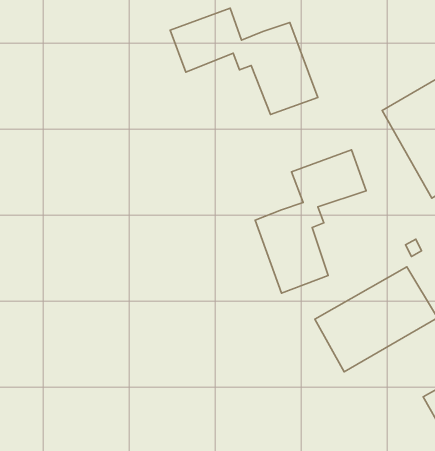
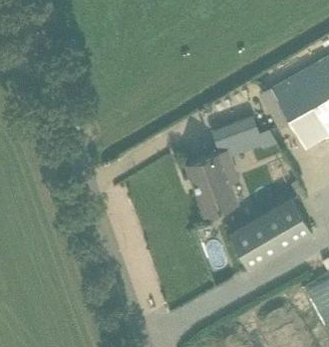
building: [170,8,318,114] -> none

